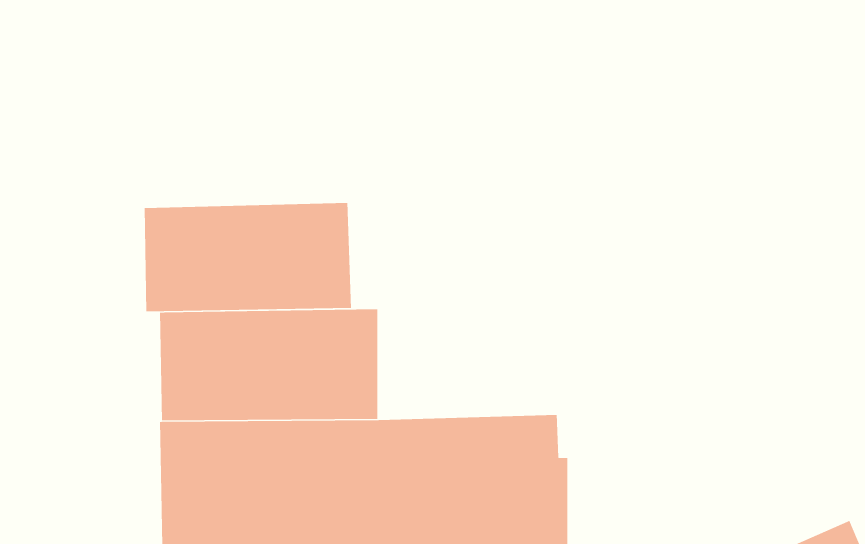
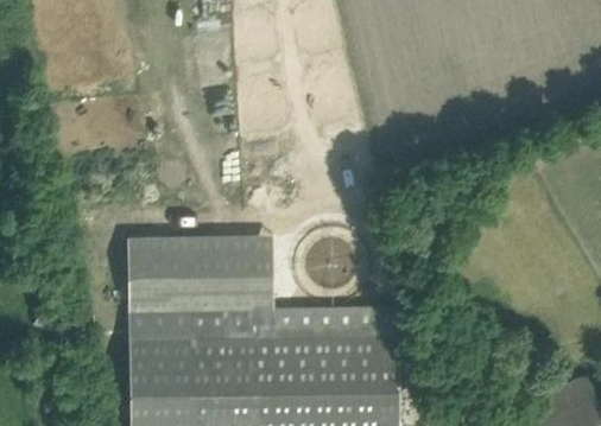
building: [144,202,352,312] -> none

